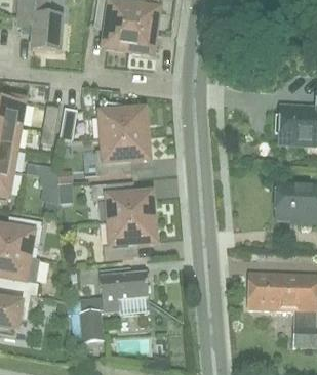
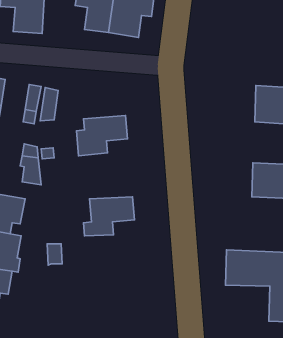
building: [100,102,146,138] -> none
building: [91,181,153,220] -> none
building: [79,267,148,341] -> none

